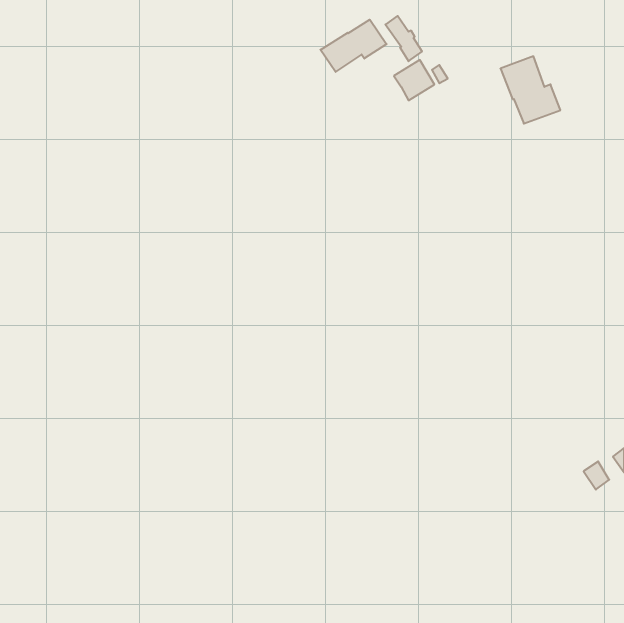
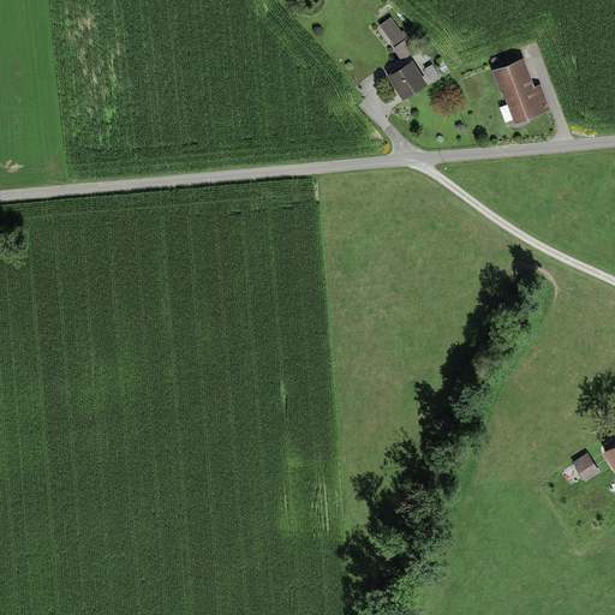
building: [320,20,387,72] -> none

